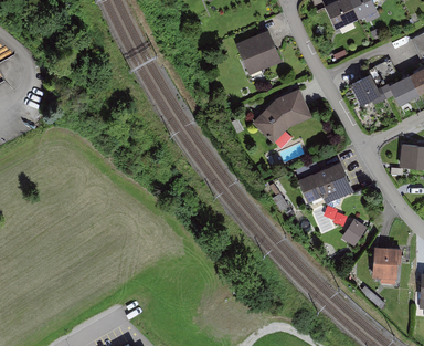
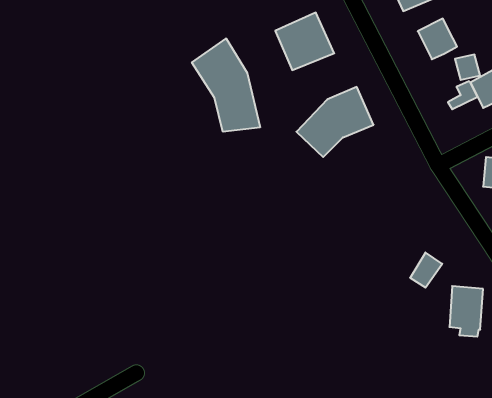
building: none -> [192,38,260,132]
building: [350,73,381,105] -> [418,19,457,59]
building: [297,160,353,205] -> none

